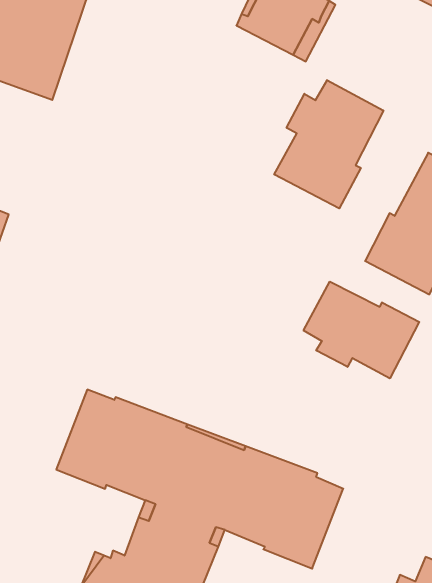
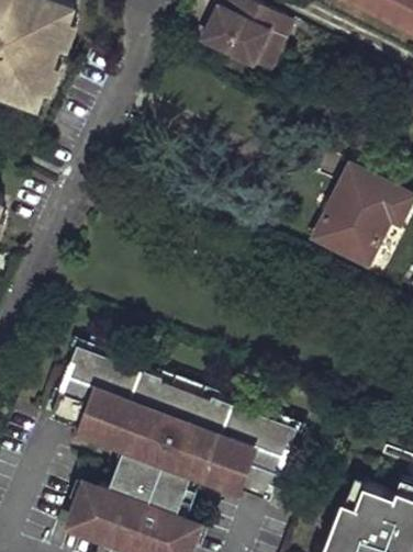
building: [274,80,383,208] -> none
building: [304,282,419,378] -> none

